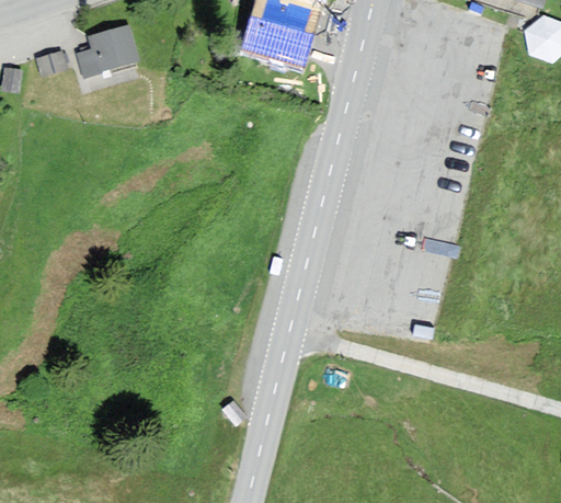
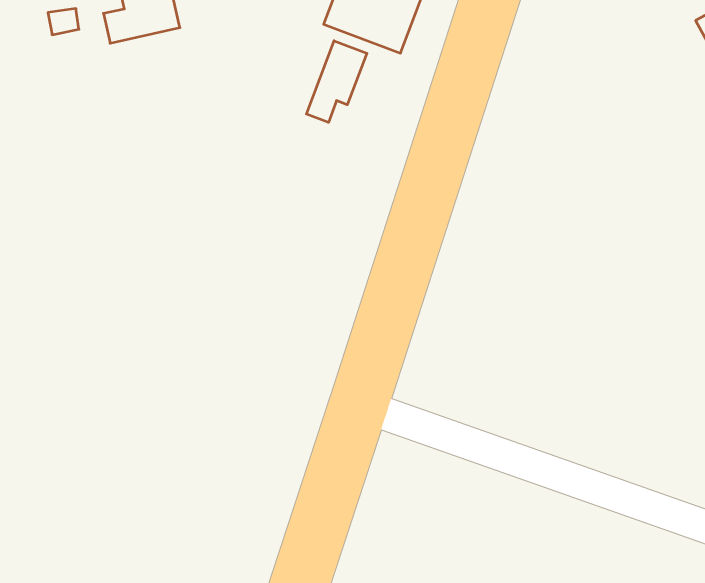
building: none -> [306,41,367,122]

